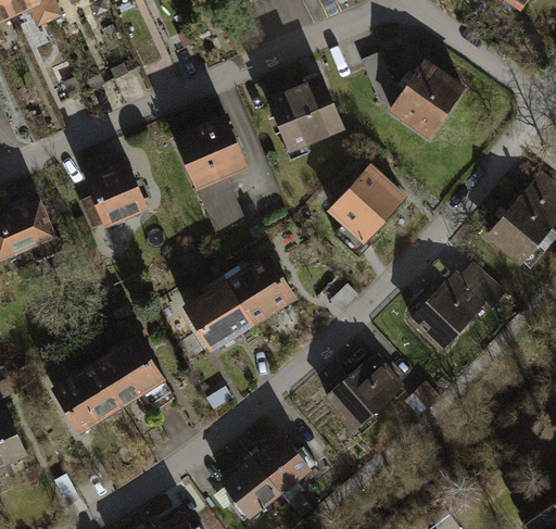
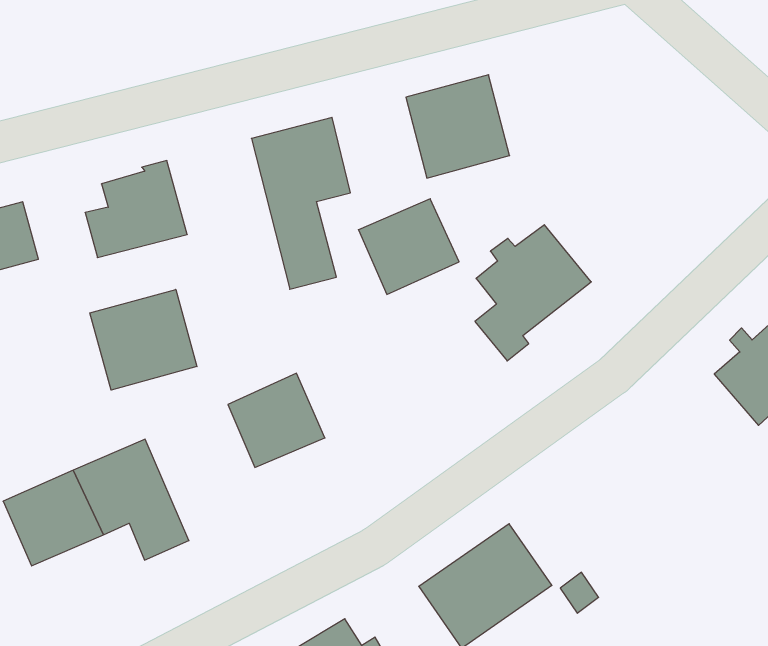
building: [363,52,464,135] -> none
building: none -> [90,289,197,390]
building: [227,255,293,319] -> [358,199,459,294]
building: [410,265,507,357] -> none

